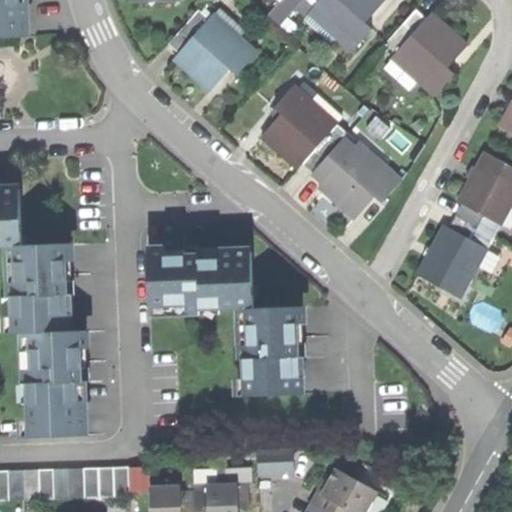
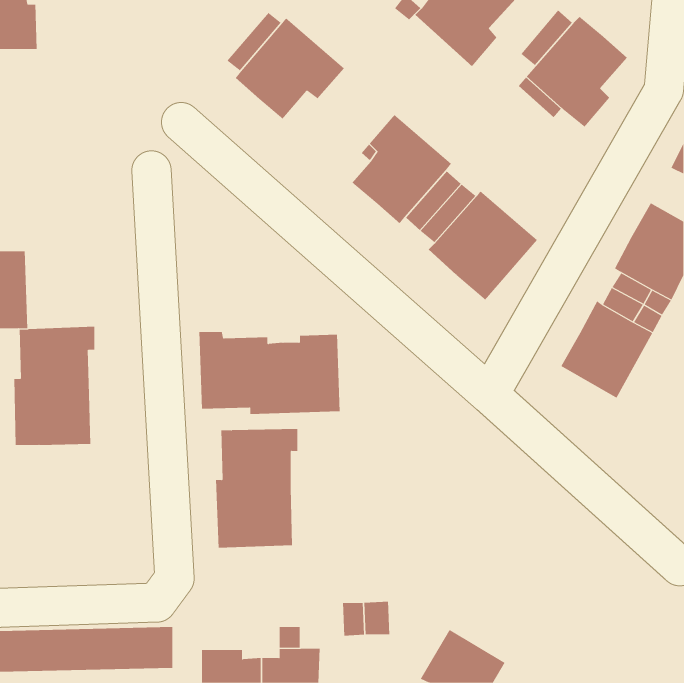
building: [242,306,304,395] -> [215,429,298,548]
building: [26,330,87,435] -> none

